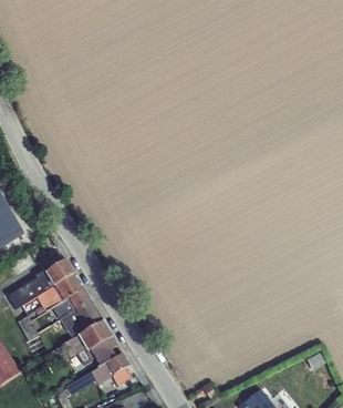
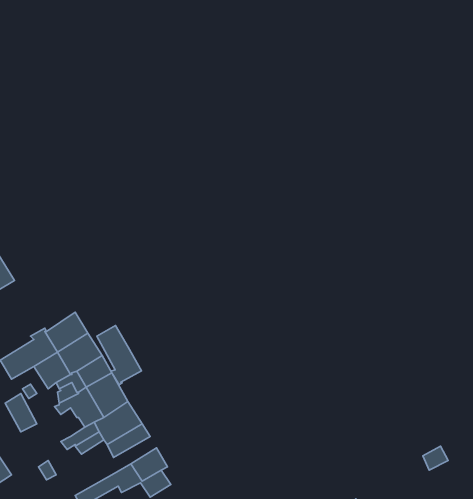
building: none -> [97,326,141,385]

